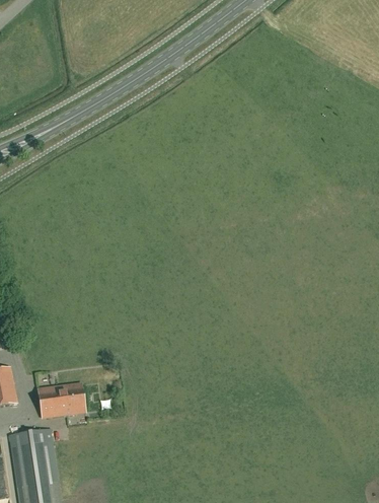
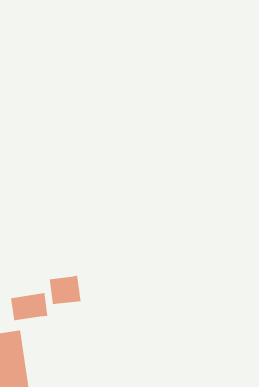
building: none -> [49,275,81,305]

